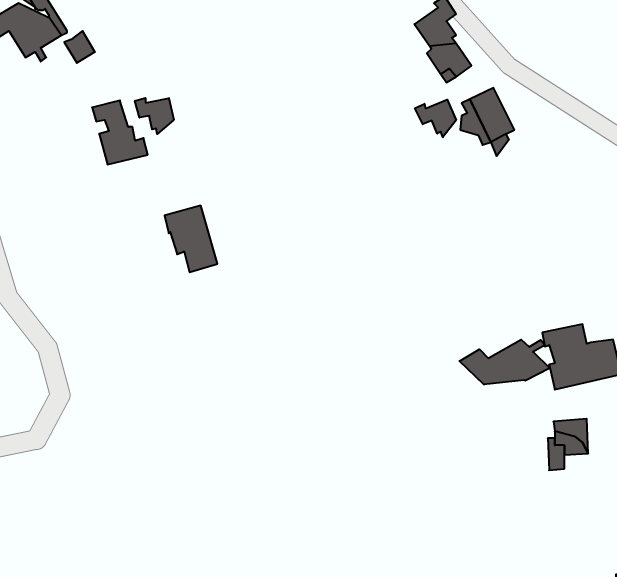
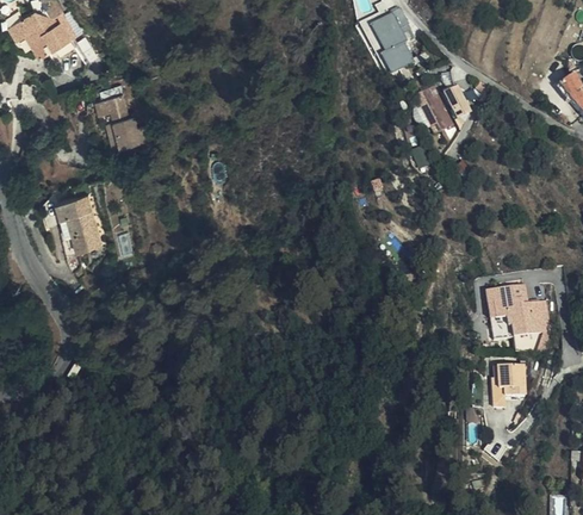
building: [135,98,174,134] -> none
building: [415,100,456,137] -> none
building: [165,206,217,272] -> [61,199,106,256]
building: [459,340,550,385] -> none

